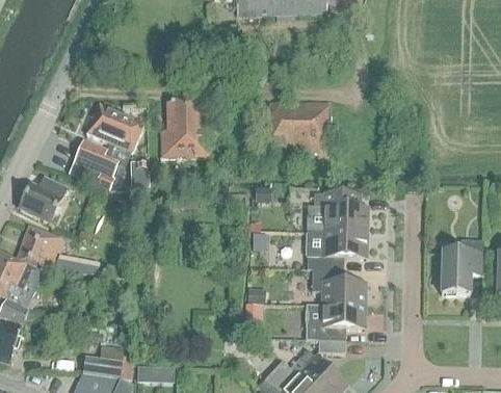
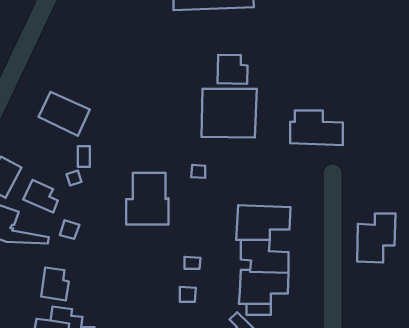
building: none -> [218,55,248,84]
building: [160,100,207,157] -> [126,173,168,224]
building: [74,137,112,174] -> [23,180,58,213]
building: [308,193,366,232] -> [290,110,343,145]
building: none -> [41,268,69,300]

